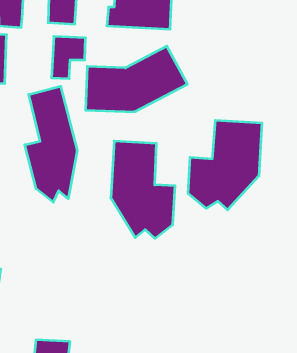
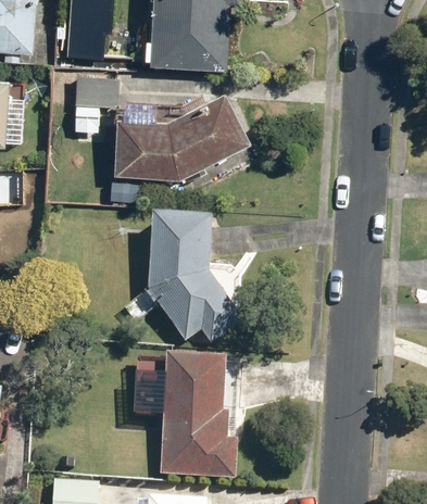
building: [25,86,77,202] -> none
building: [188,120,262,210] -> none
building: none -> [159,355,240,479]

